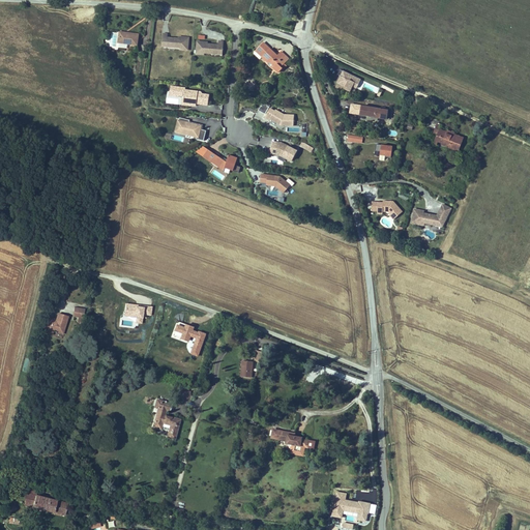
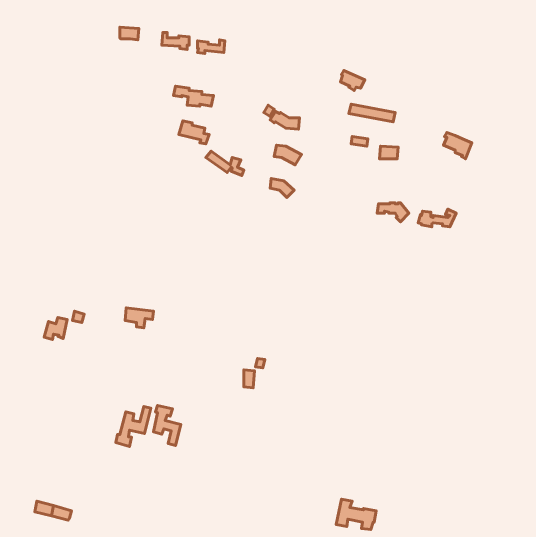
building: [257,41,289,70] -> none
building: [172,321,205,357] -> none
building: none -> [116,407,151,446]
building: [269,424,305,450] -> none

